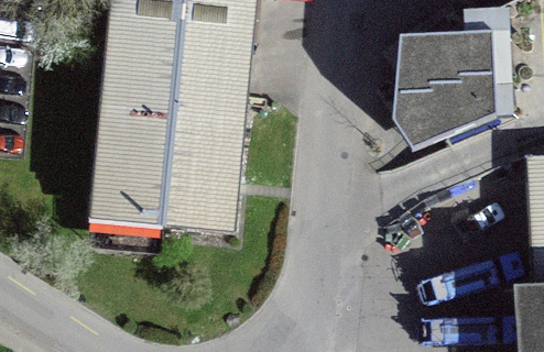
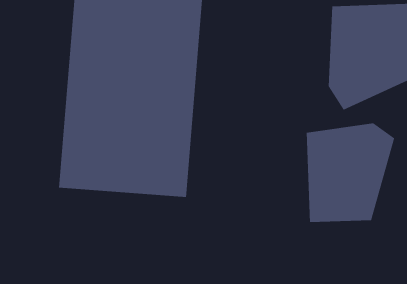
building: none -> [306,122,395,223]

